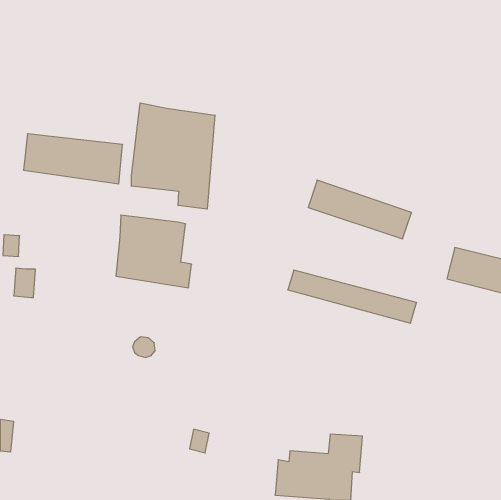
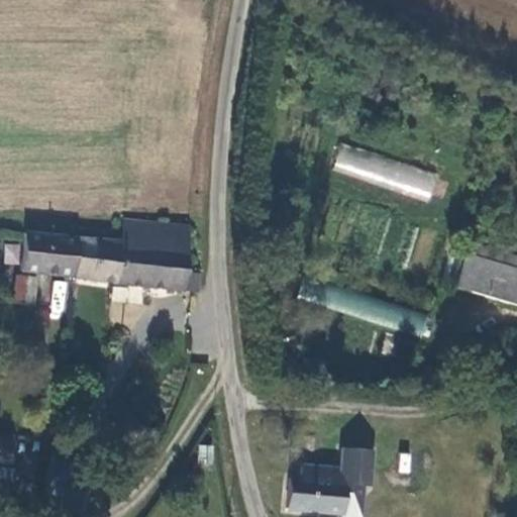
building: [131,103,215,209] -> none
building: [23,134,123,184] -> [22,232,124,284]
building: [308,180,411,239] -> [332,139,438,200]

